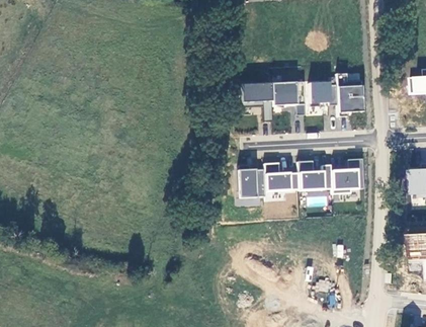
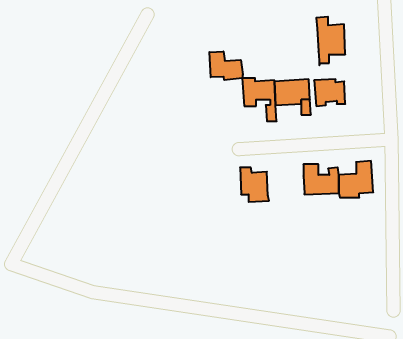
building: none -> [209,51,243,80]
building: [334,72,361,117] -> [316,17,345,65]
building: [262,162,297,190] -> none

